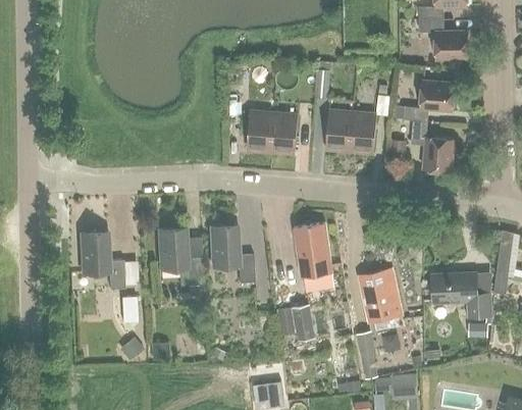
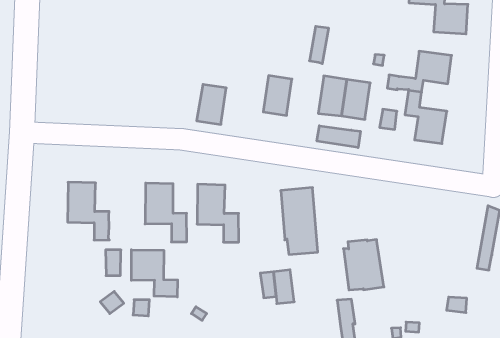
building: [246,110,273,149] -> [197,84,226,124]
building: none -> [317,126,360,148]
building: [432,272,489,317] -> none
building: none -> [131,250,178,297]

